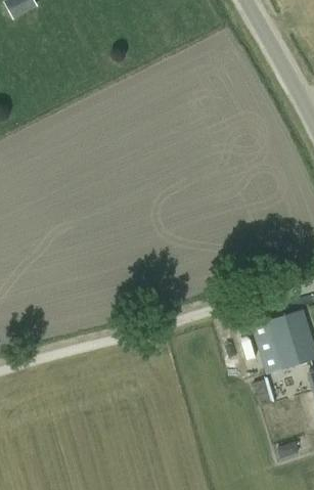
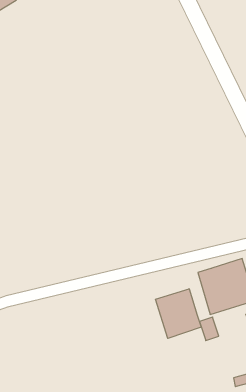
building: none -> [155,289,201,338]

